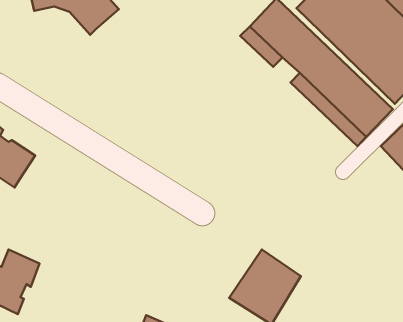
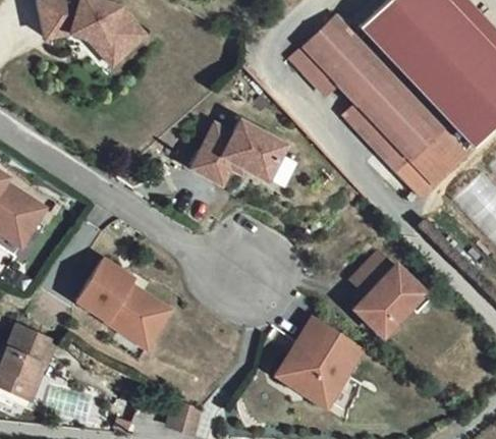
building: none -> [194,121,286,183]
building: none -> [353,254,427,335]
building: none -> [79,260,173,348]

